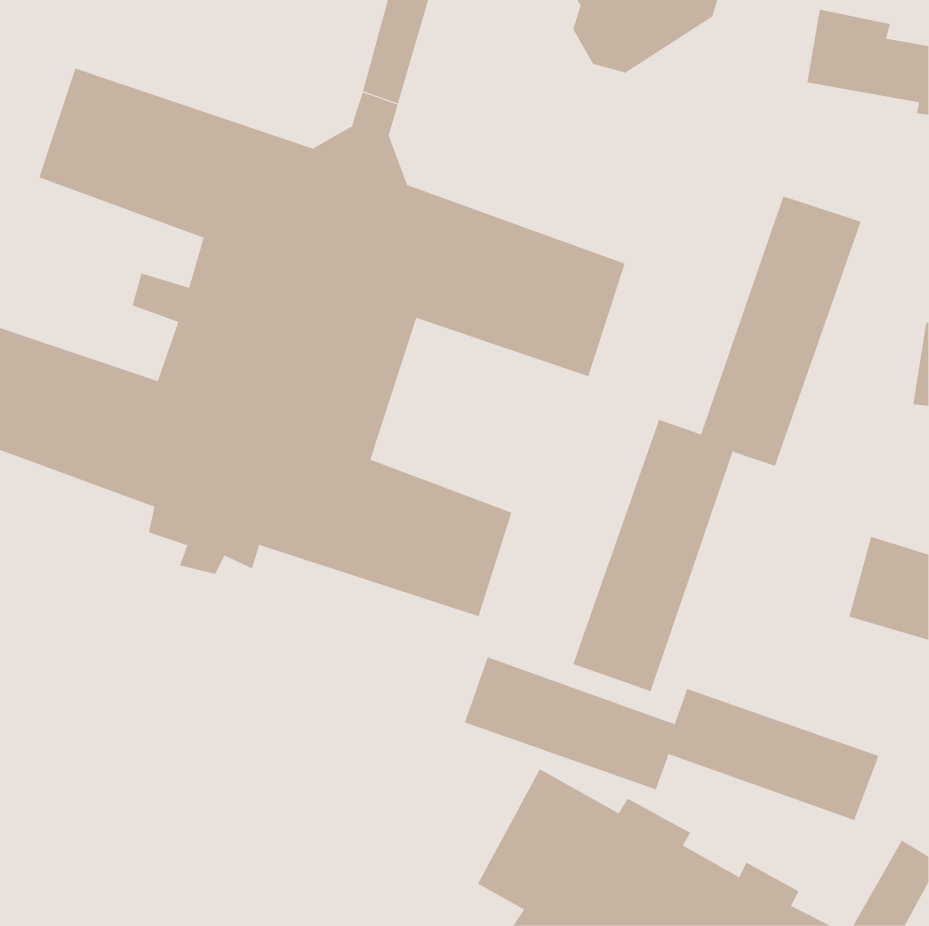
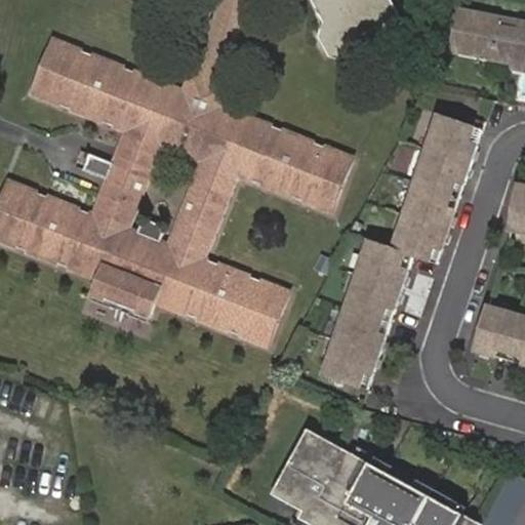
building: [464,656,879,821] -> none

